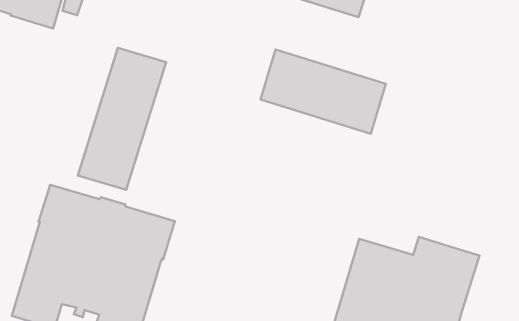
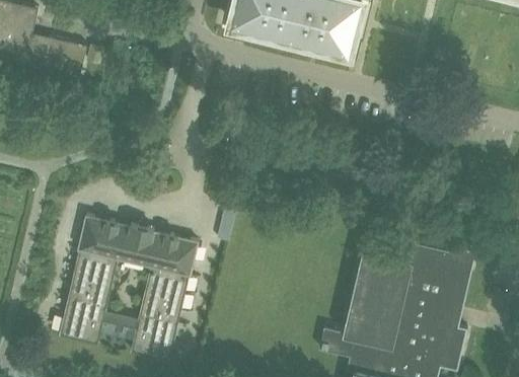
building: [78,48,166,190] -> none
building: [261,49,386,134] -> none

